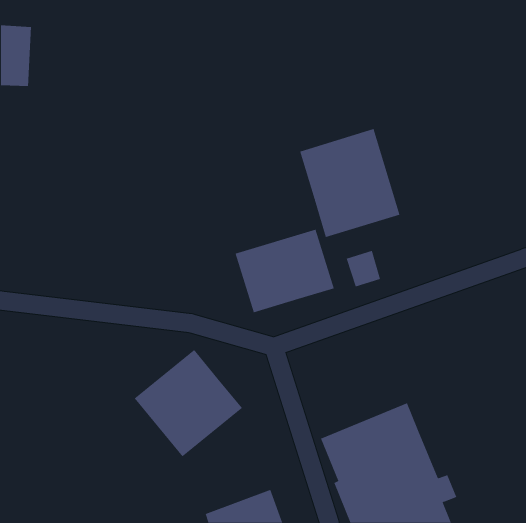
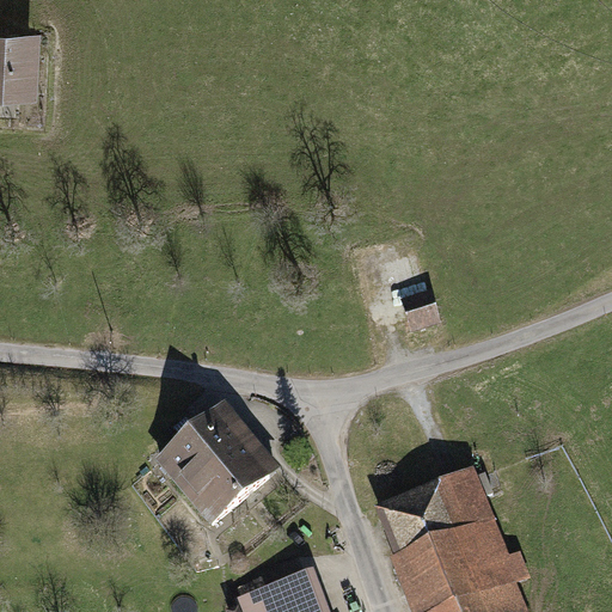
building: [299,128,400,238] -> none
building: [235,229,334,313] -> none

